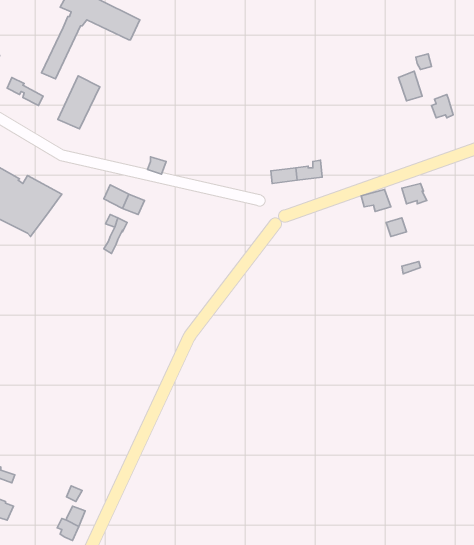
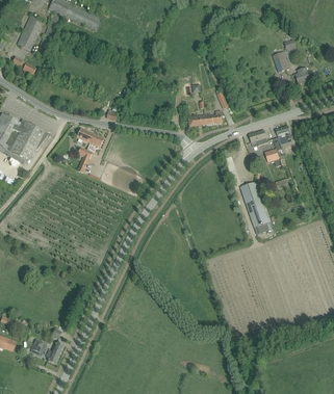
building: [58,76,100,129] -> [17,16,45,51]
building: none -> [240,182,273,235]

